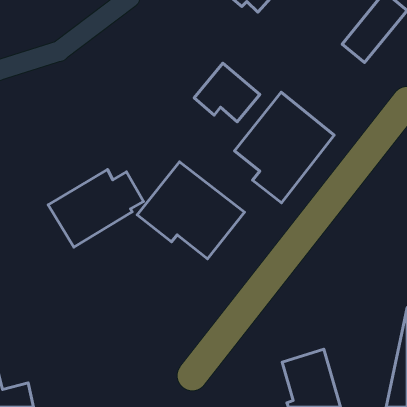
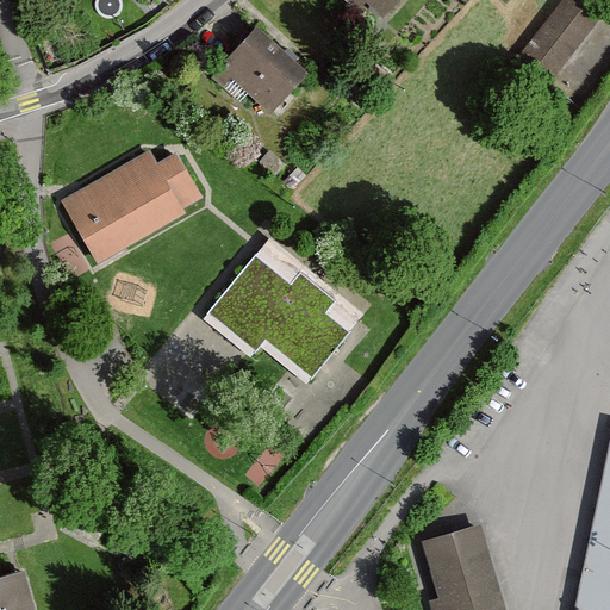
building: [194,63,260,122] -> [210,27,307,114]
building: [235,92,334,203] -> none
building: [48,169,143,247] -> [60,149,201,264]

